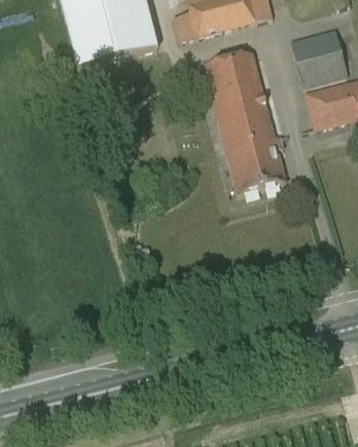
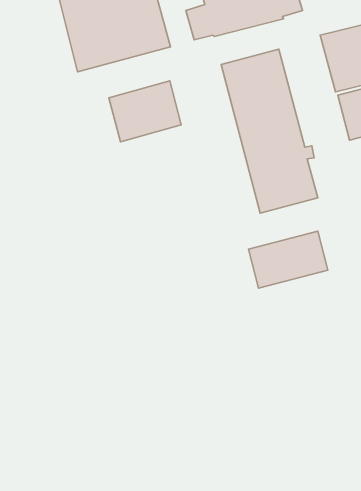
building: none -> [109,81,181,142]
building: none -> [248,231,328,288]

